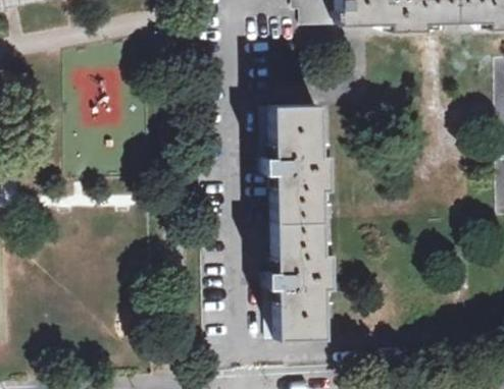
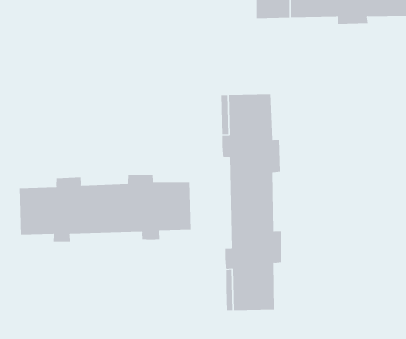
building: none -> [19,174,191,243]

